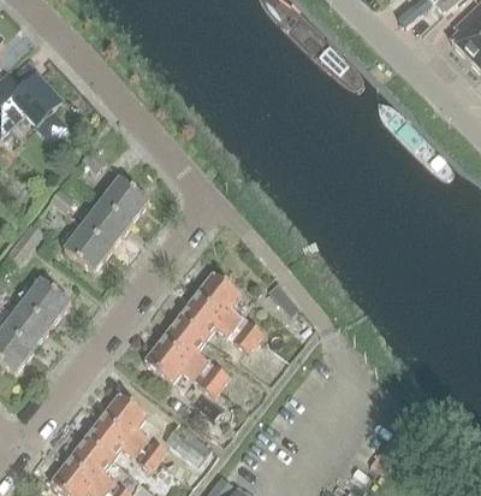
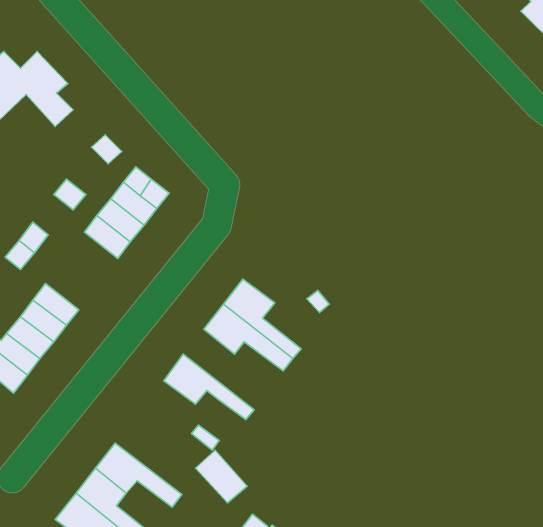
building: [63,232,103,271] -> none
building: [160,317,230,386] -> none
building: [101,394,165,460] -> none

